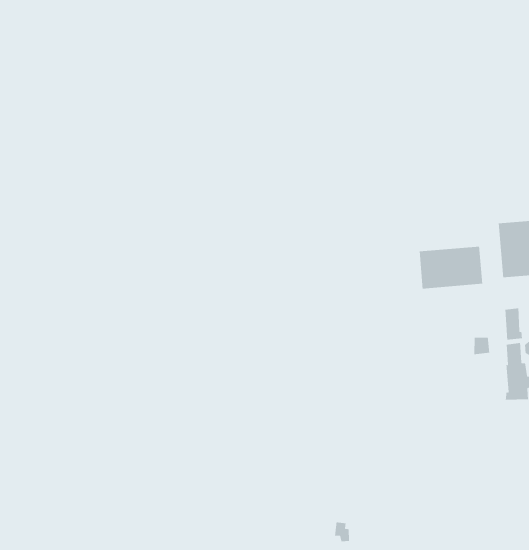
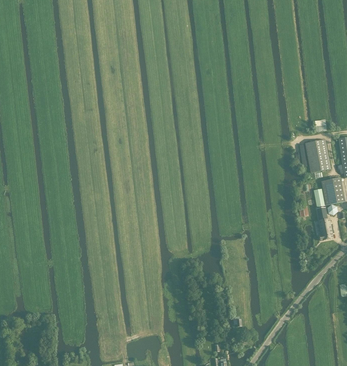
building: [419,246,483,289] -> none

